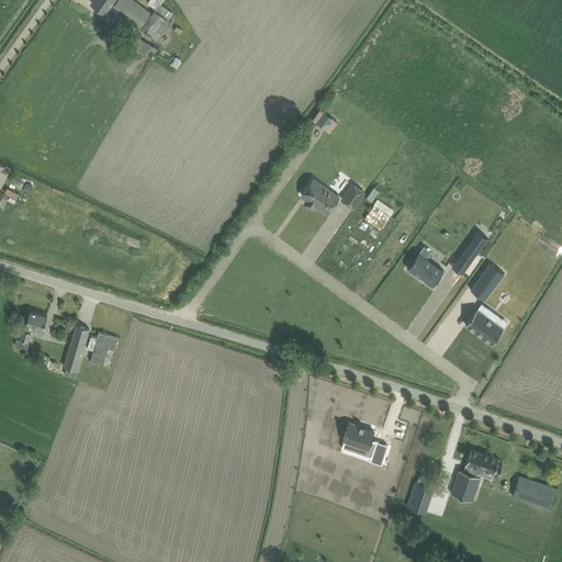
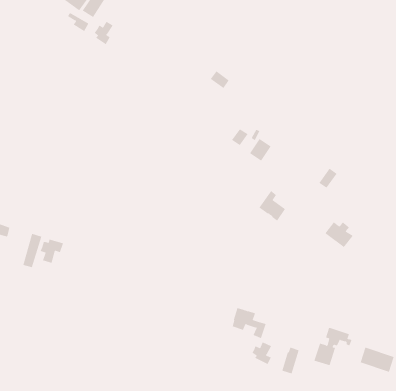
building: none -> [94,21,114,45]
building: [302,179,339,214] -> none
building: [407,246,443,288] -> [259,190,286,221]
building: [470,263,504,301] -> none
building: none -> [252,342,272,365]

